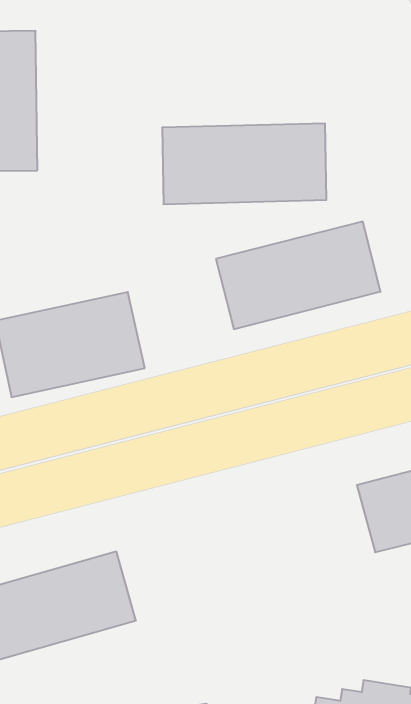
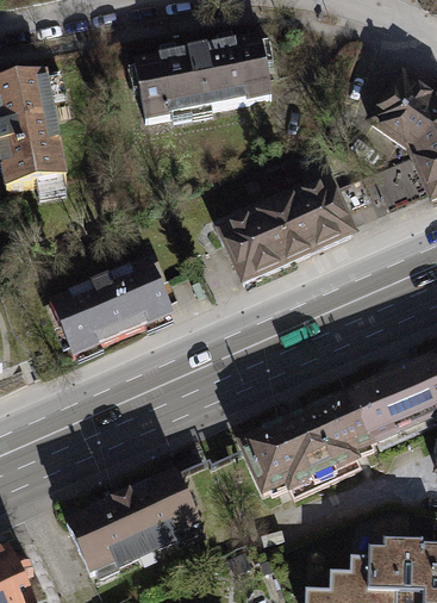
building: [162,123,326,204] -> [131,35,268,118]
building: none -> [241,385,377,492]

